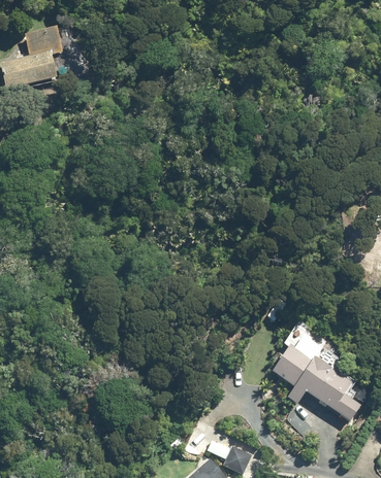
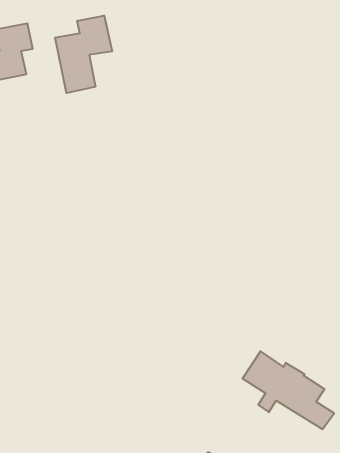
building: none -> [55,15,112,93]

